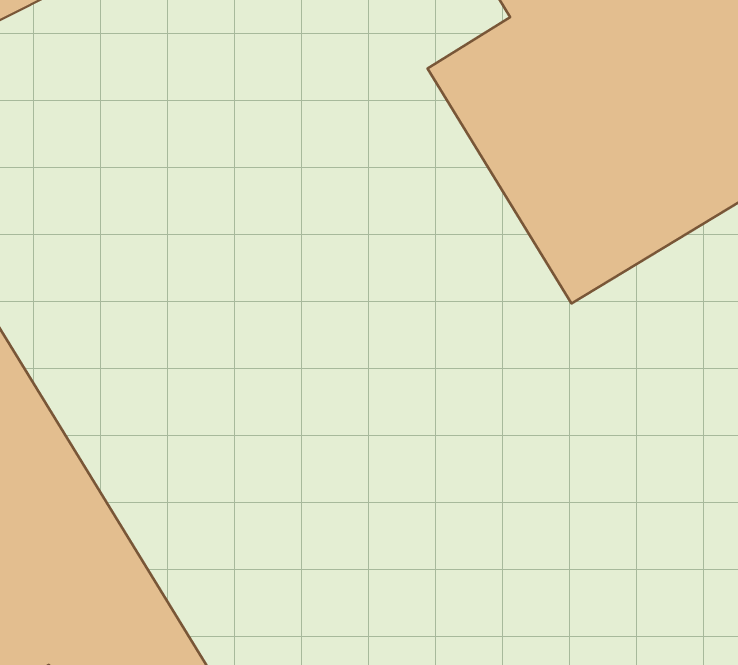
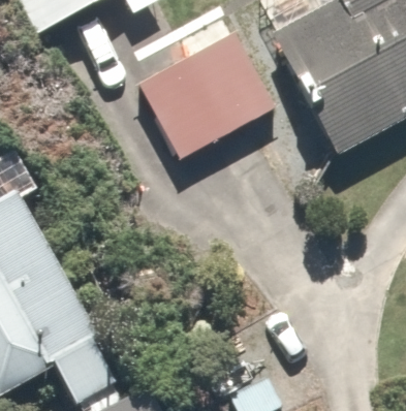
building: none -> [117,45,259,184]

